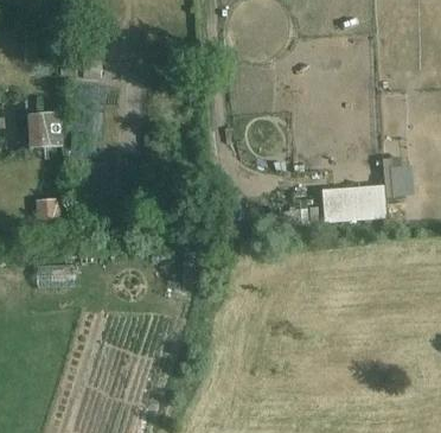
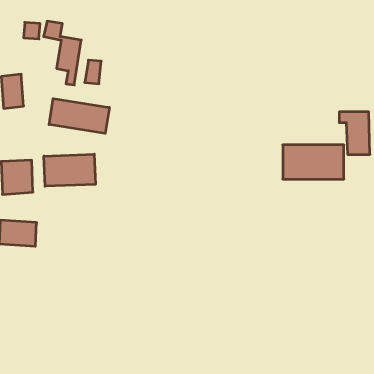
building: none -> [49,99,109,133]
building: none -> [44,154,95,186]

